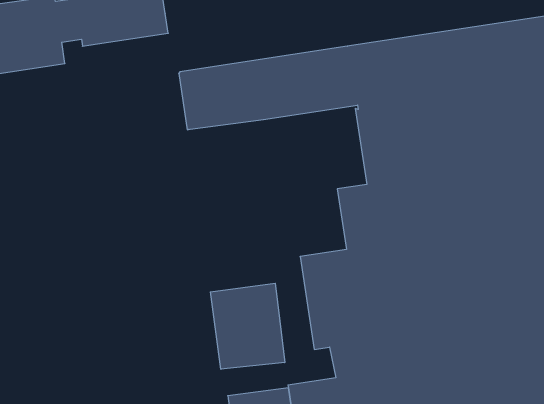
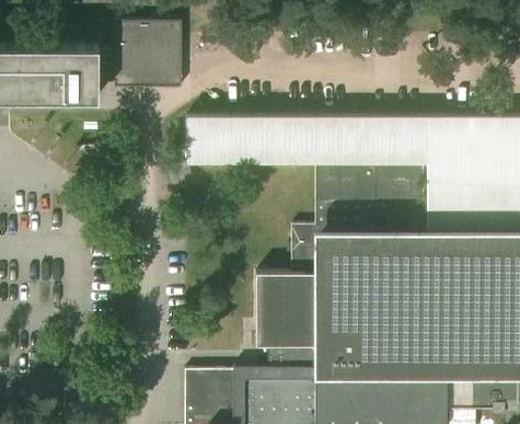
building: [210,283,285,369] -> none

